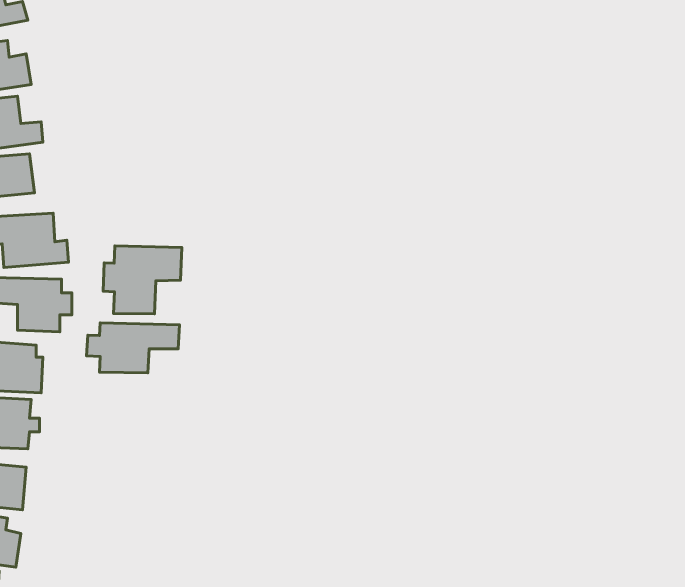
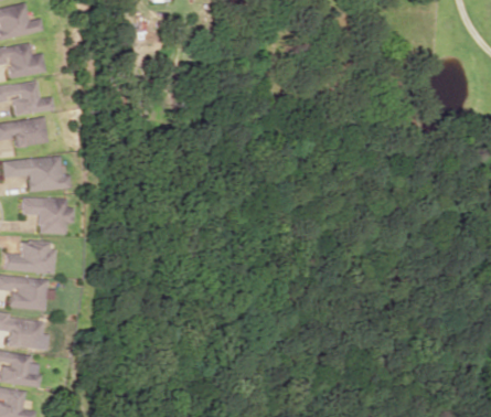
building: [103,246,182,314] -> none
building: [87,323,179,373] -> none

